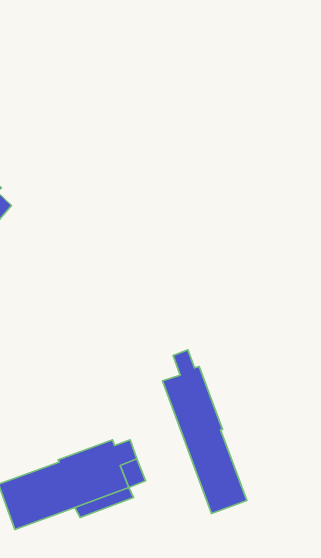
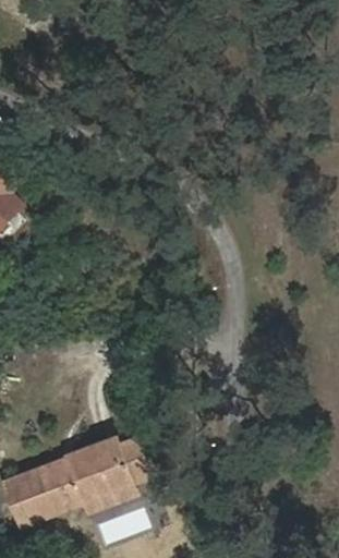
building: [162,350,247,514] -> none

